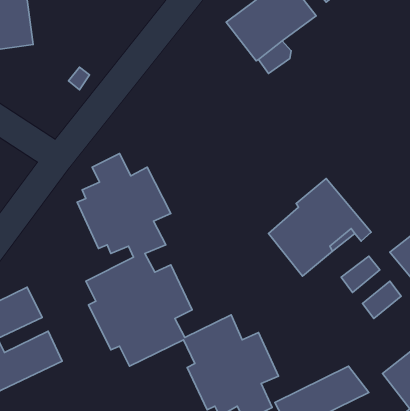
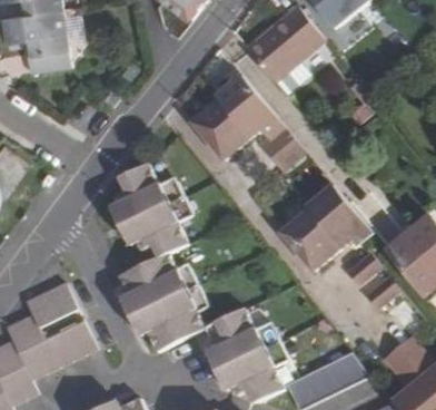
building: none -> [190,76,303,170]

